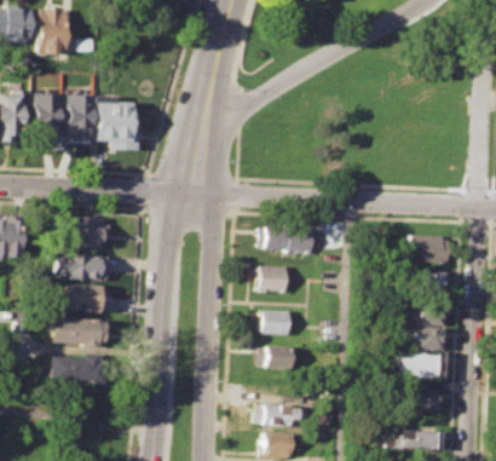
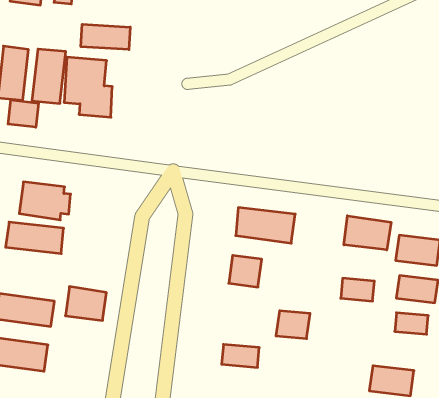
building: none -> [81,24,130,50]
building: none -> [8,100,39,127]
building: none -> [344,216,391,250]
building: [65,286,100,313] -> [65,287,106,320]
building: [263,311,292,334] -> [276,311,310,339]
building: [413,329,442,347] -> [341,278,374,301]

